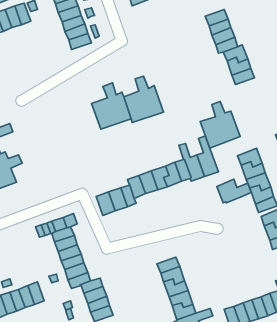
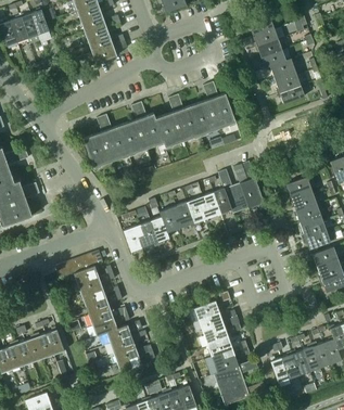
building: none -> [84,114,129,167]
building: [200,102,240,148] -> [190,81,235,134]
building: [217,179,251,203] -> none

